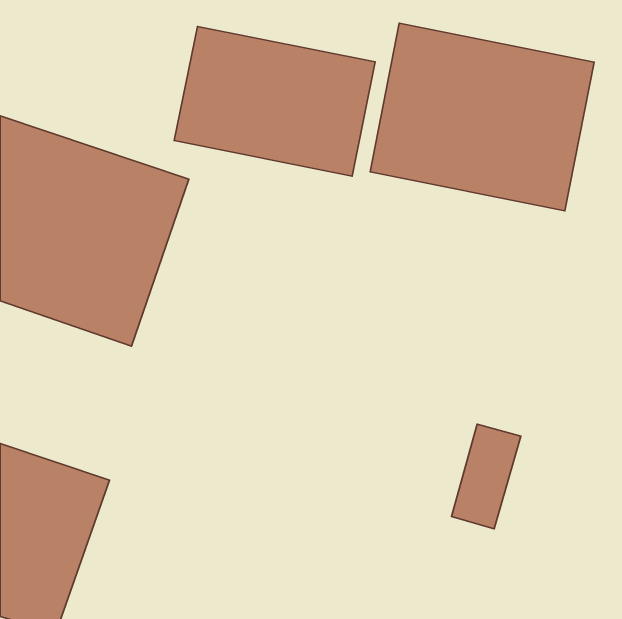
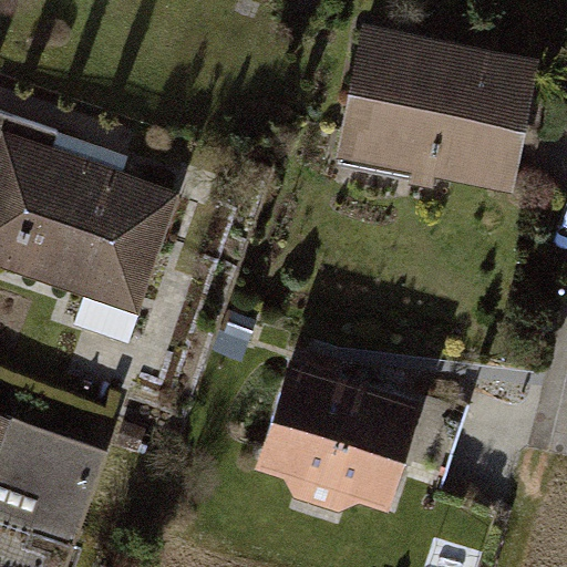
building: [174,26,375,176] -> none
building: none -> [256,362,427,515]

